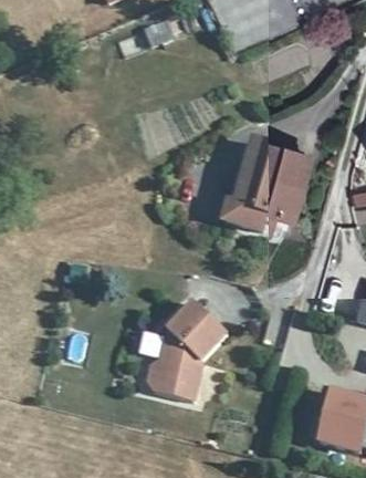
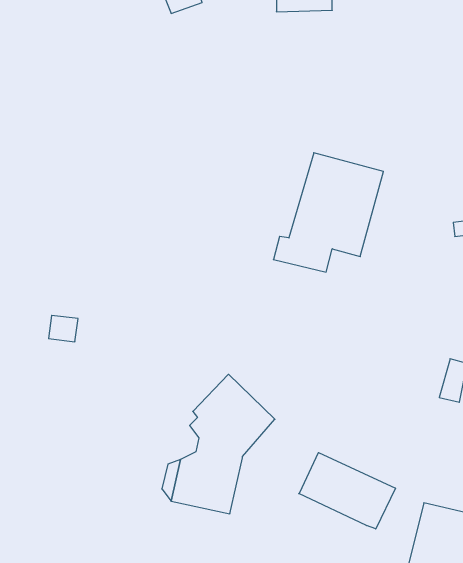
building: none -> [299,453,395,529]

